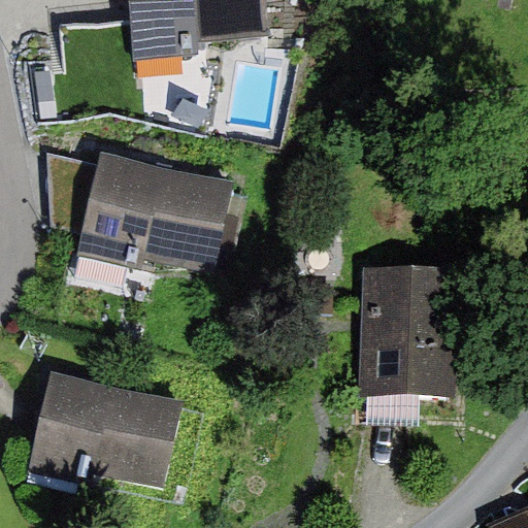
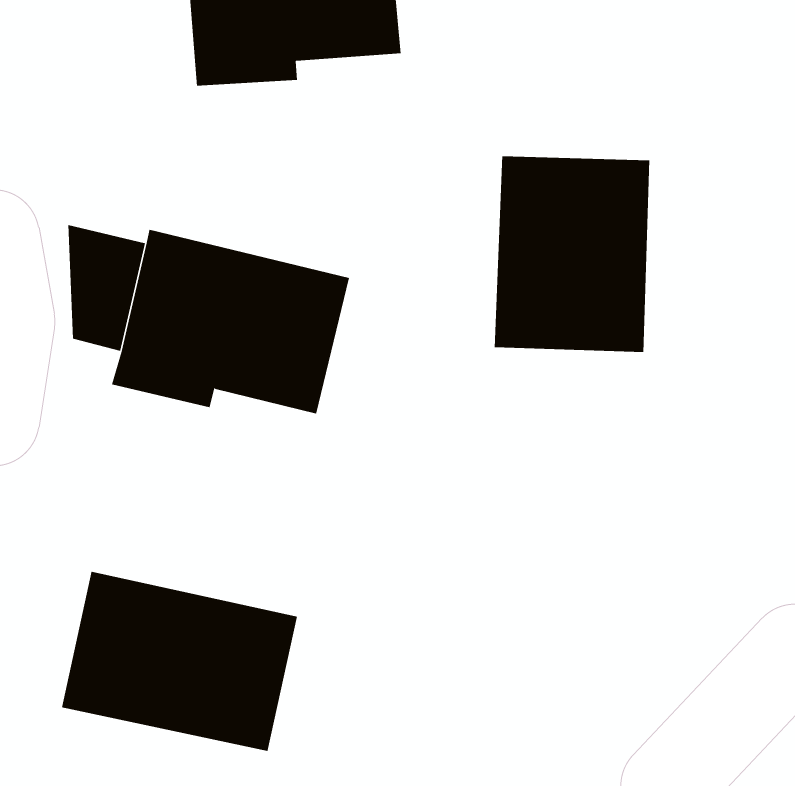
building: none -> [494,155,650,353]
building: [356,265,458,399] -> none

